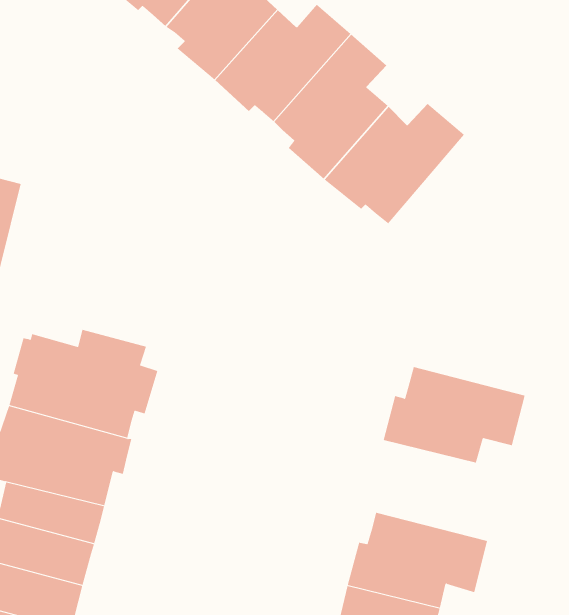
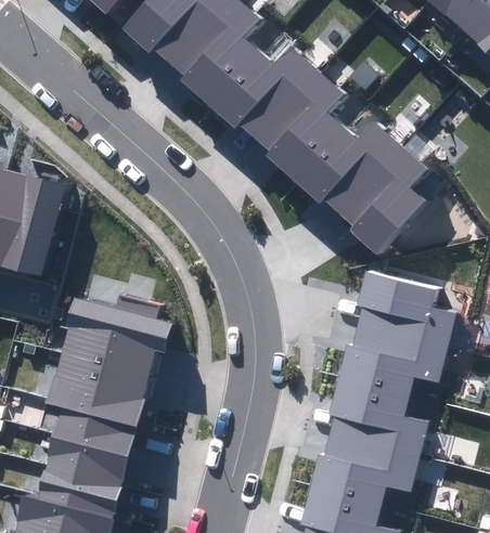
building: none -> [344,147,427,256]
building: none -> [358,271,454,343]
building: none -> [331,377,427,453]

